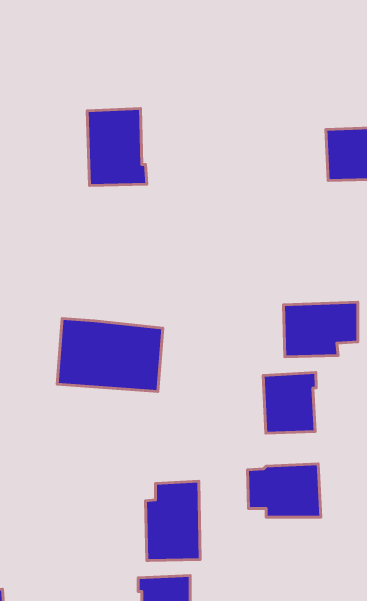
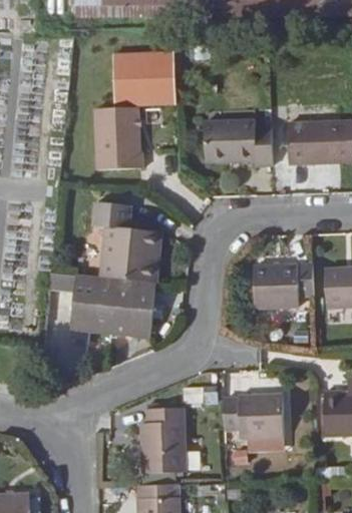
building: none -> [112,52,175,105]
building: none -> [206,121,274,166]
building: none -> [92,207,159,284]
building: [263,372,316,433] -> none

